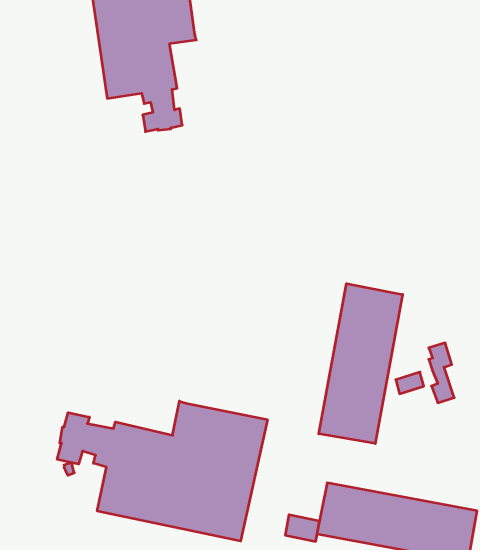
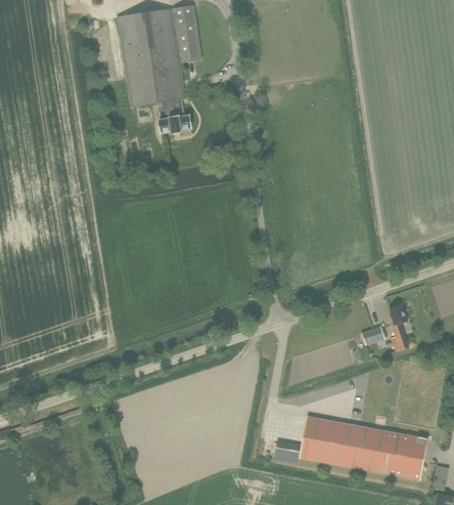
building: [319,284,403,444] -> none
building: [57,401,267,541] -> none

